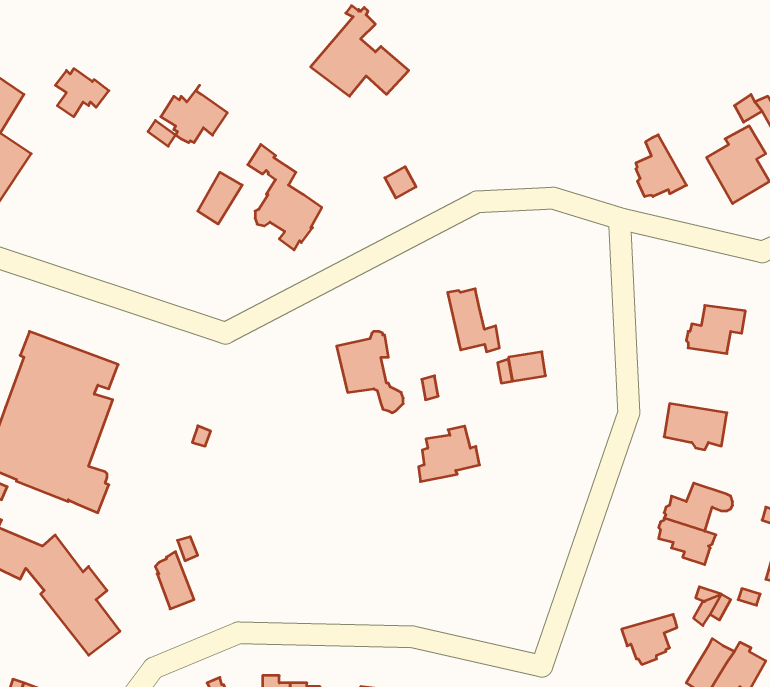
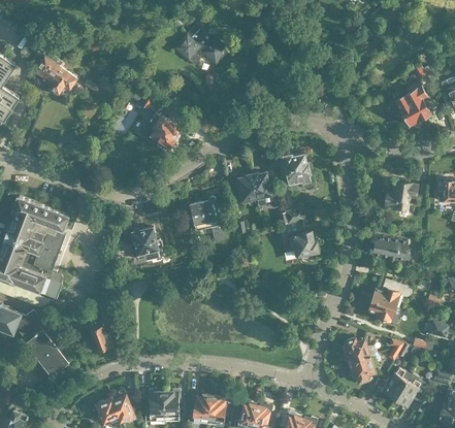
building: [161,85,227,143] -> [40,63,77,95]
building: [636,135,687,197] -> none
building: none -> [284,155,316,192]
building: none -> [237,175,257,204]
building: none -> [131,228,162,261]
building: [419,426,480,482] -> [284,231,318,262]
building: none -> [345,338,377,363]

